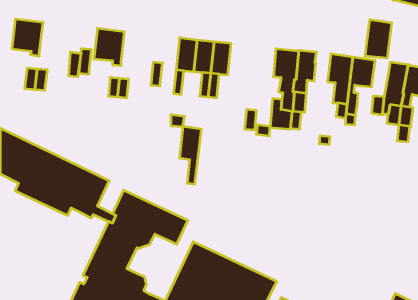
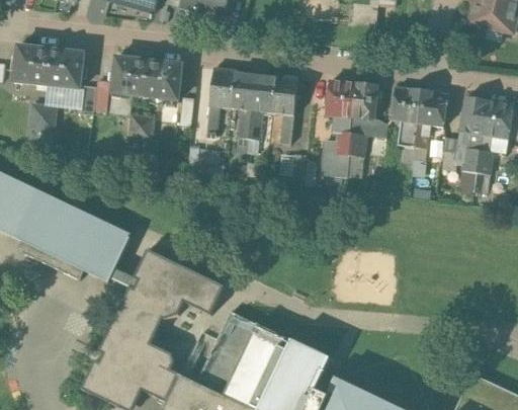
building: [365,20,392,58] -> none
building: none -> [47,49,84,90]
building: none -> [145,60,182,101]
building: [179,127,201,184] -> [272,74,298,143]

